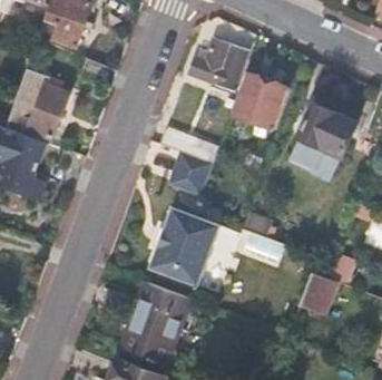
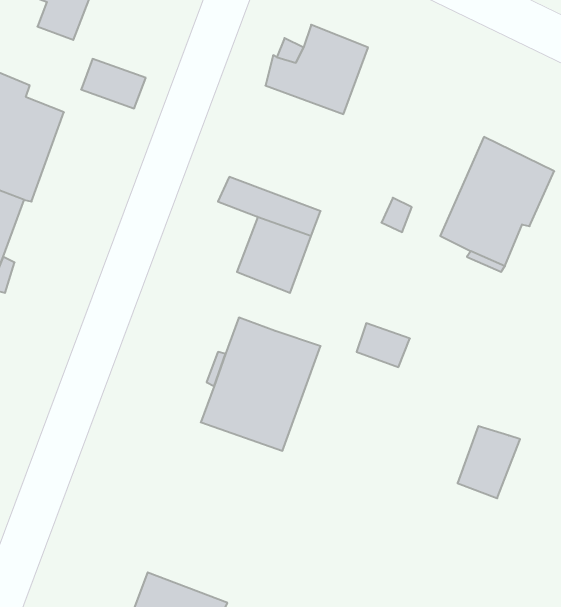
building: [233,74,284,127] -> none
building: [119,280,189,364] -> none

